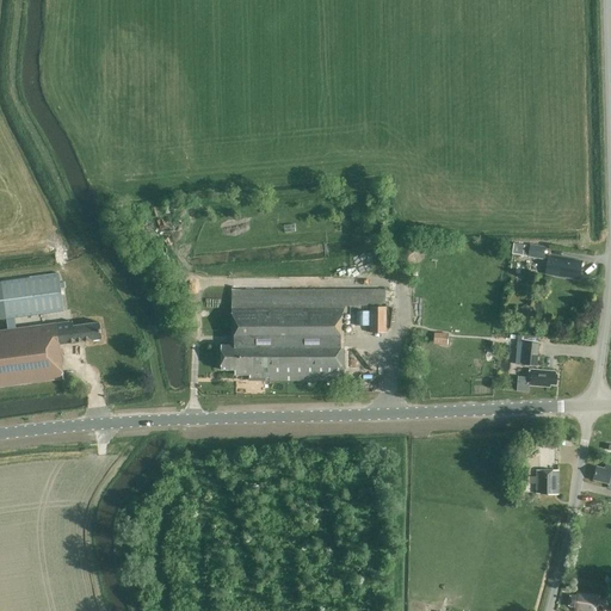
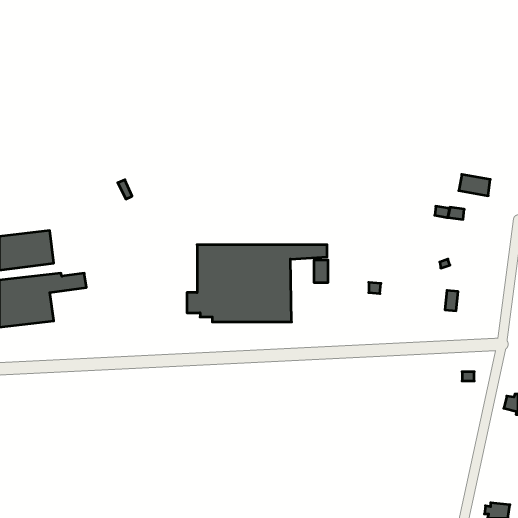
building: [544,254,581,279] -> [459,174,490,196]
building: [517,368,557,391] -> none
building: [536,469,558,494] -> none

